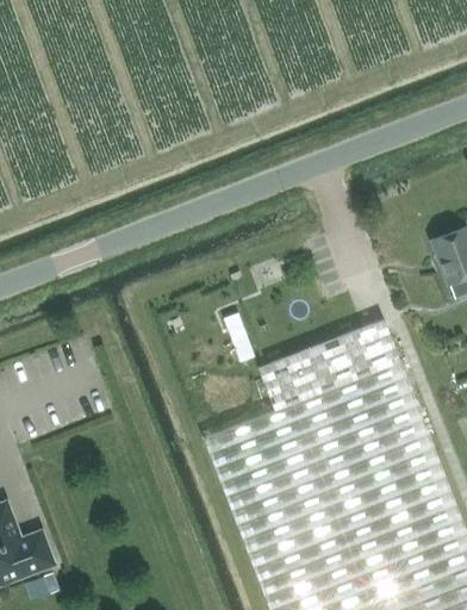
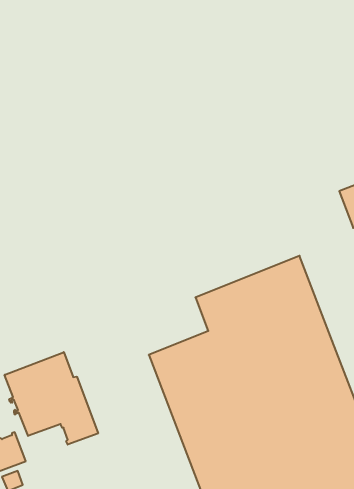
building: none -> [5,352,98,445]

